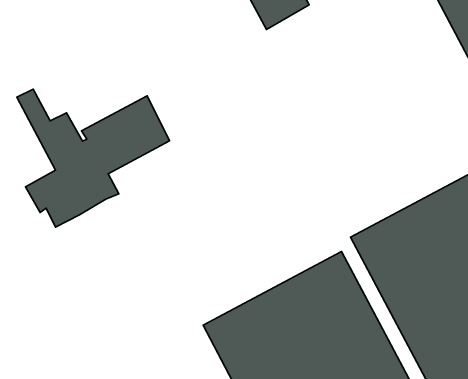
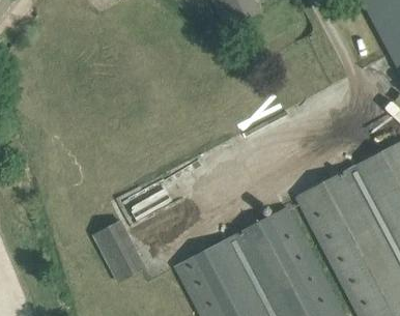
building: [17,89,170,227] -> none
building: none -> [91,219,146,283]

